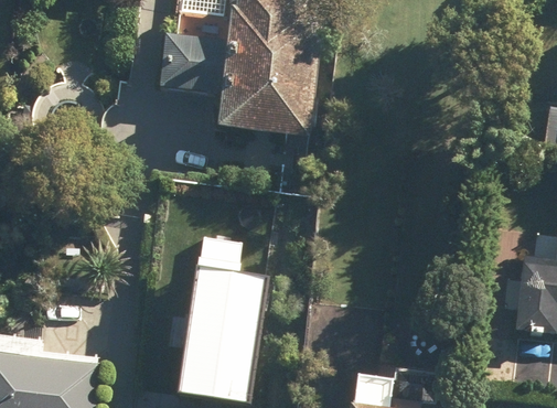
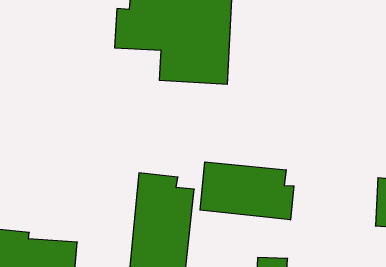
building: none -> [200,162,294,220]

